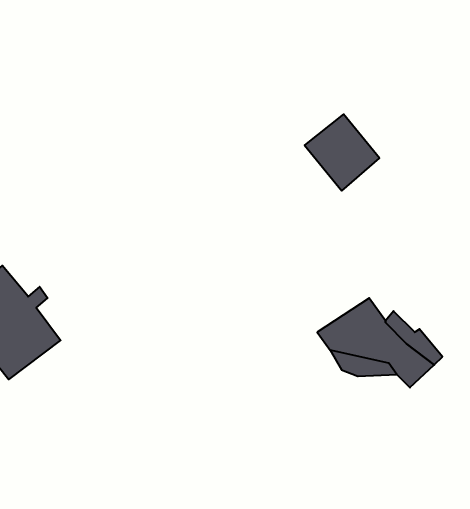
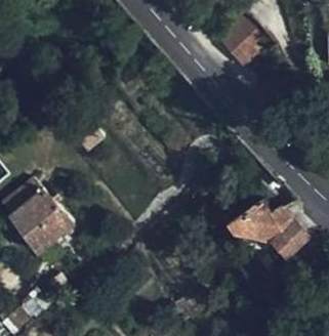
building: [305,114,379,191] -> [219,17,266,66]

